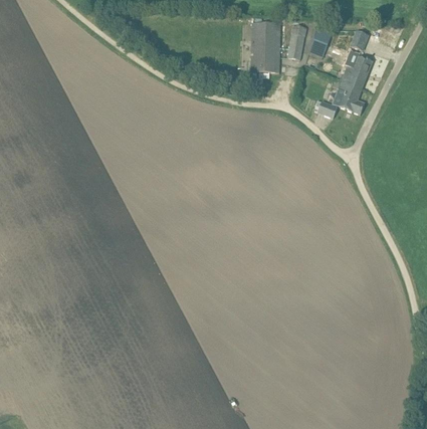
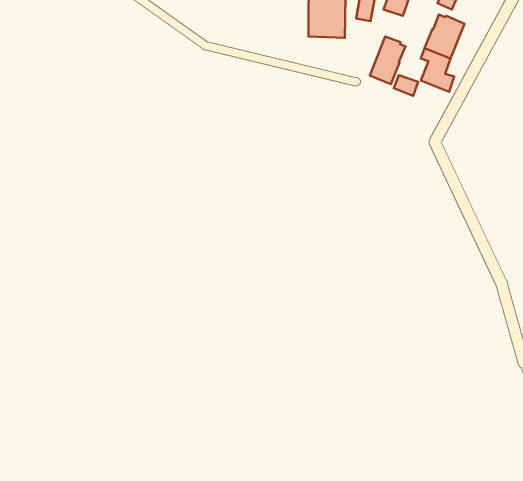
building: none -> [370,37,406,84]

